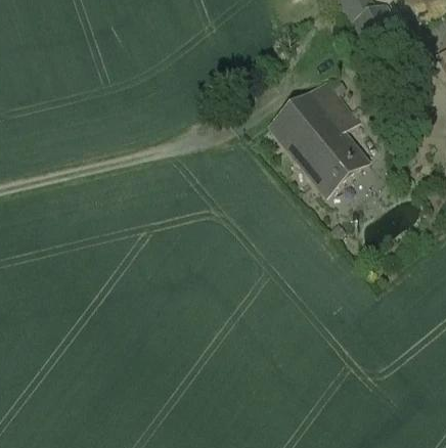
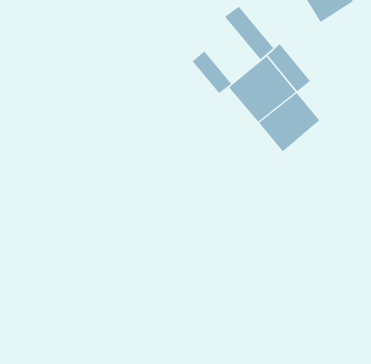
building: none -> [224,6,274,60]
building: none -> [192,51,232,94]

